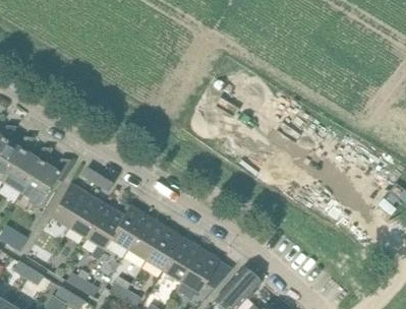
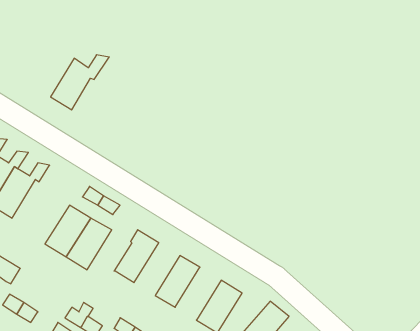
building: [21,159,72,206] -> [51,55,109,110]
building: [86,205,125,260] -> none
building: [127,217,167,262] -> none
building: [163,238,202,284] -> none

